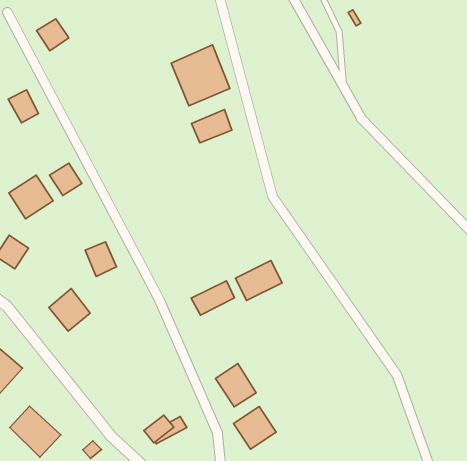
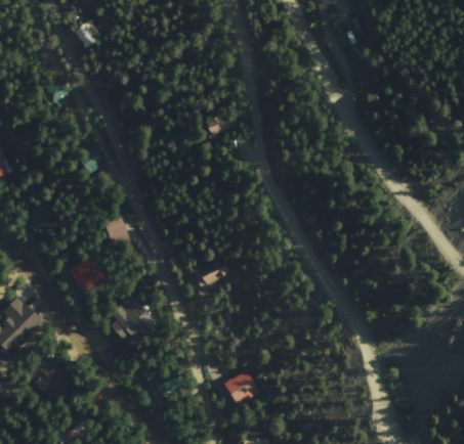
building: [171,45,230,106] -> none
building: [9,175,53,219] -> none
building: [235,261,282,301] -> none
building: none -> [111,296,158,342]
building: [216,363,256,407] -> none

